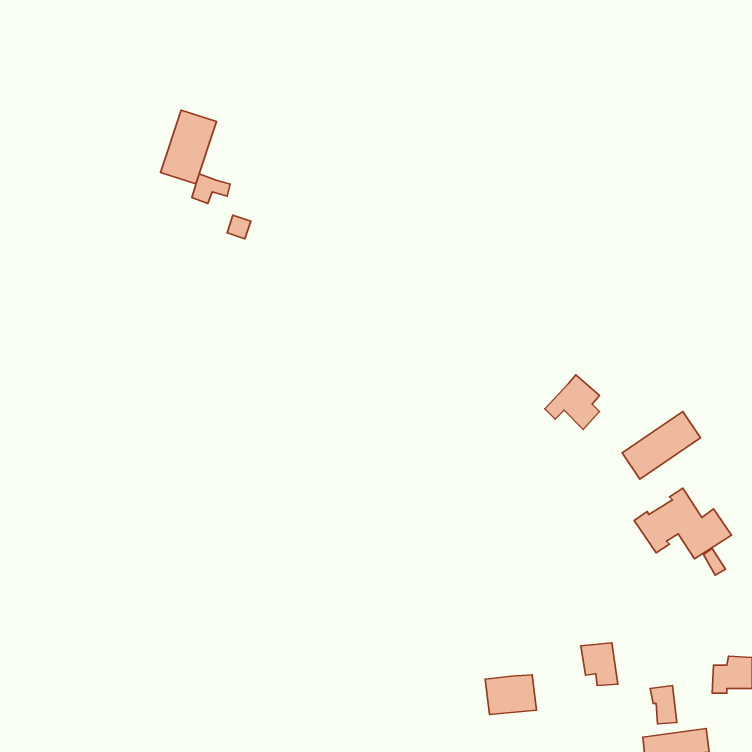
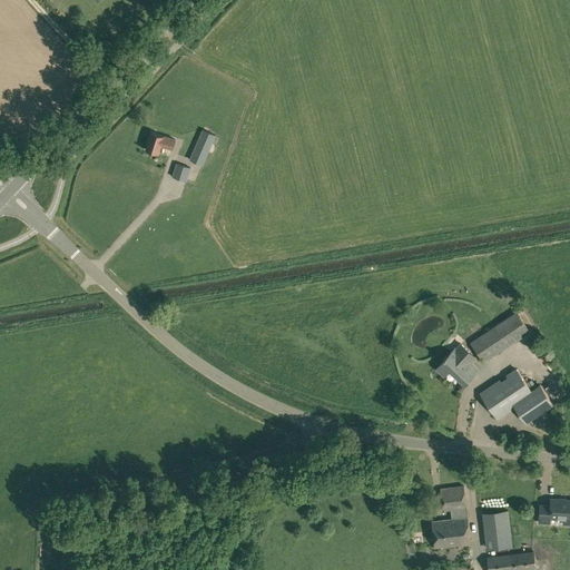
building: [161,110,217,184] -> none
building: none -> [188,129,216,166]
building: [545,375,599,429] -> [435,343,476,384]
building: [485,675,537,715] -> [431,518,470,548]

